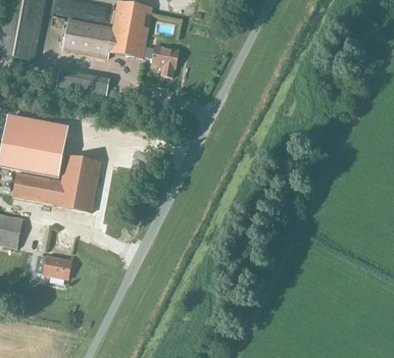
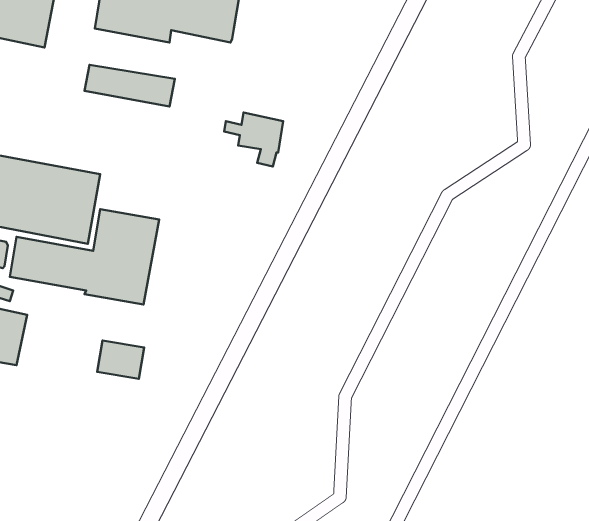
building: [144,44,179,75] -> [224,113,283,166]
building: [44,255,71,277] -> [97,341,144,379]

